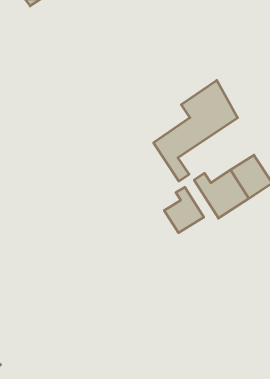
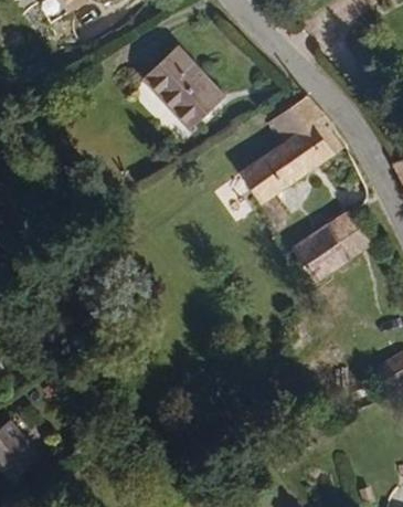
building: none -> [150,51,224,126]
building: [164,187,204,233] -> none

